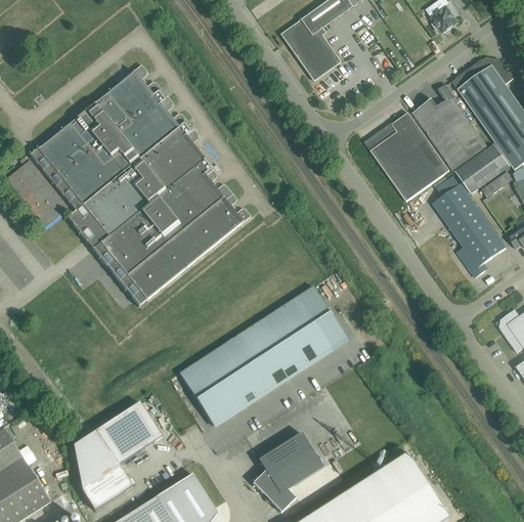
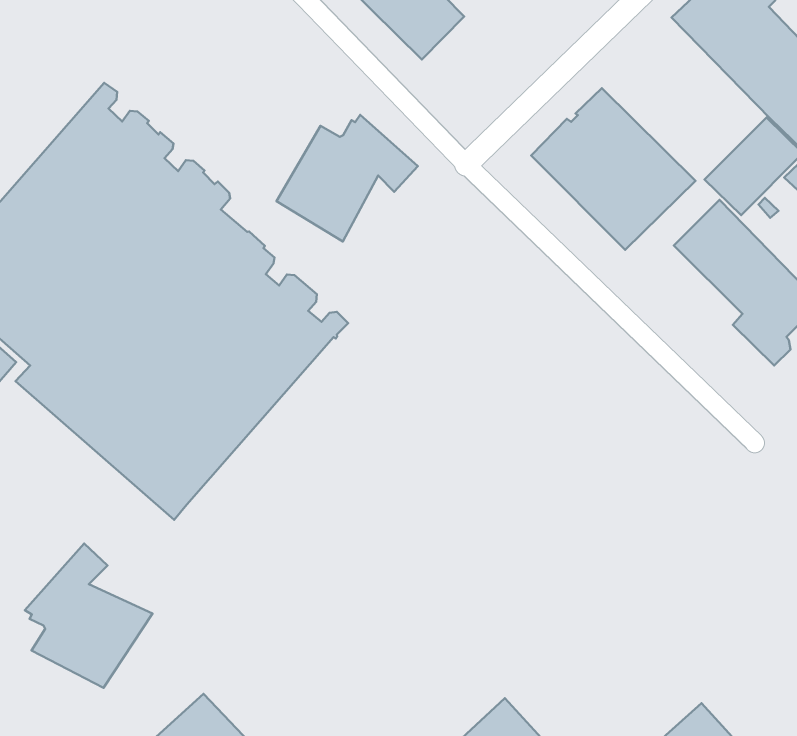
building: [412,84,487,171] -> none
building: none -> [277,115,418,242]
building: [179,286,346,425] -> none
building: none -> [25,543,152,688]

